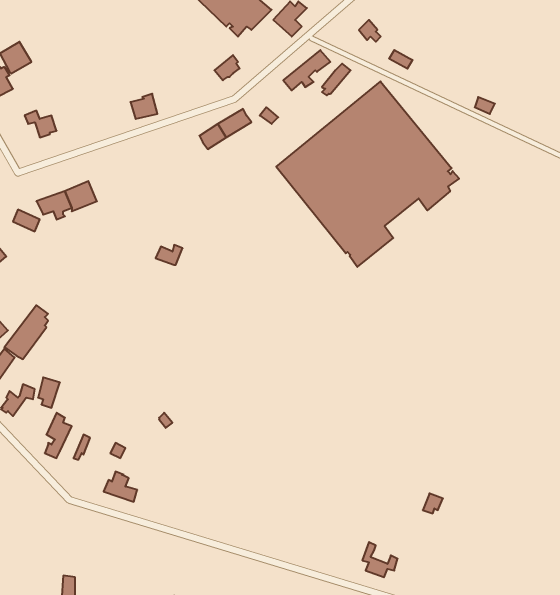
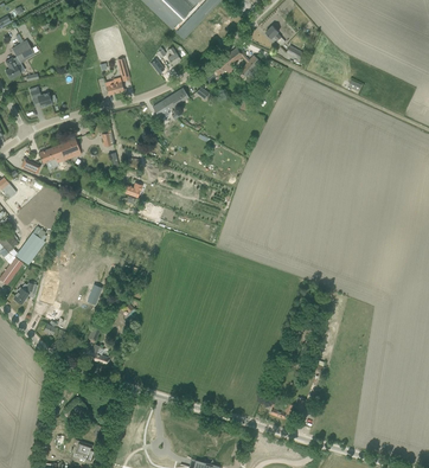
building: [276,81,459,267] -> none

